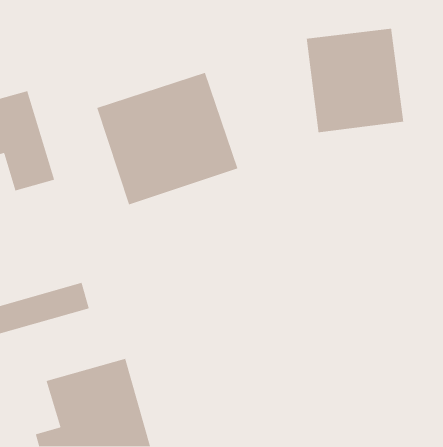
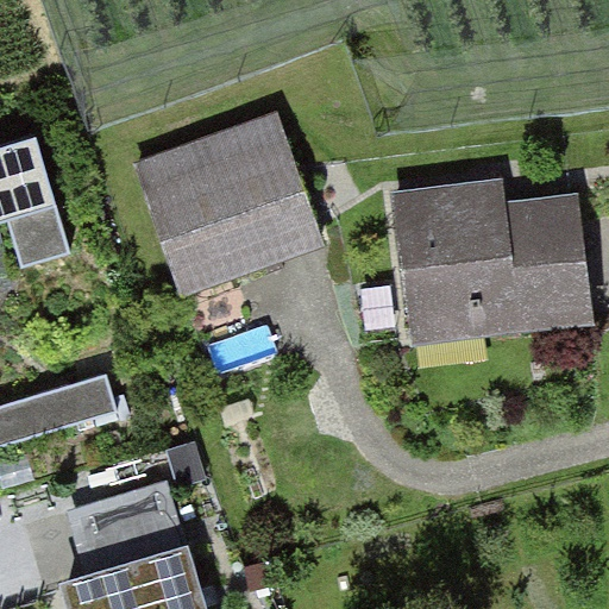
building: [306,28,404,133] -> none
building: none -> [383,187,582,358]

